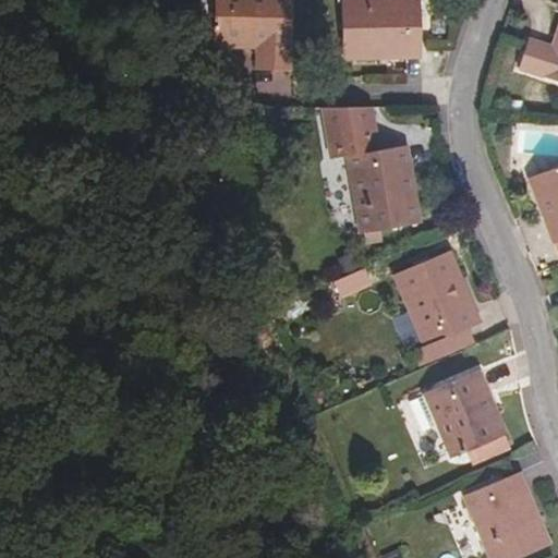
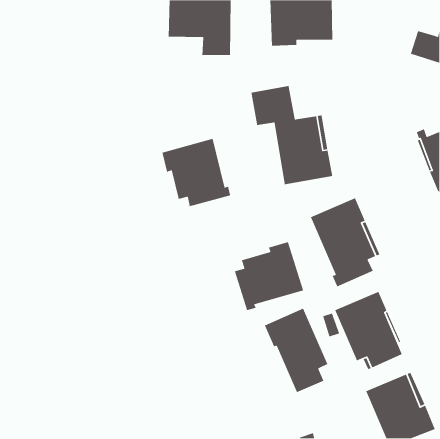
building: none -> [161,138,231,207]
building: none -> [234,241,304,311]
building: none -> [264,307,328,393]

